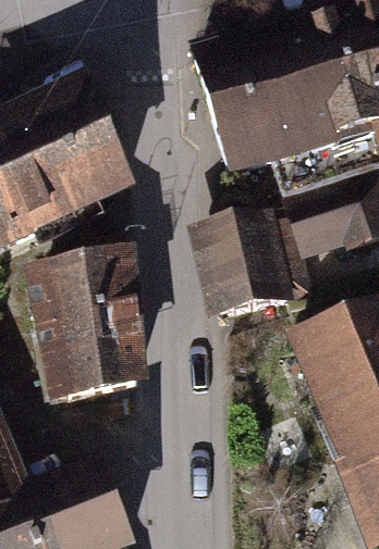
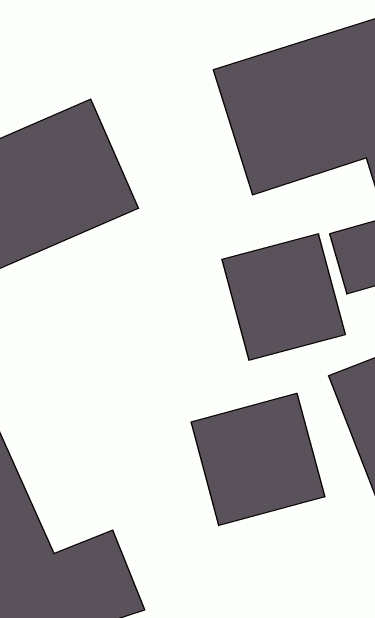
building: [25,252,138,403] -> none
building: none -> [191,393,325,526]

